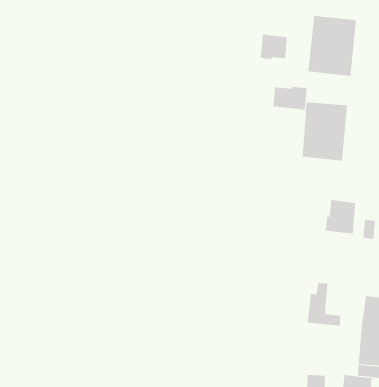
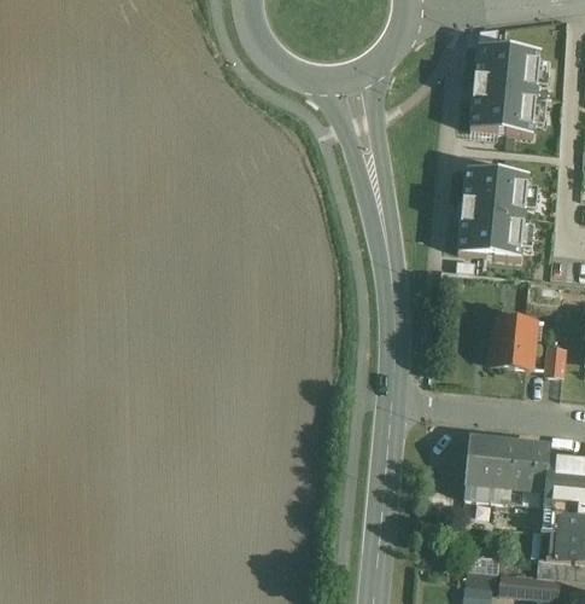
building: [260,33,288,60] -> none
building: [273,86,307,111] -> none
building: none -> [492,439,551,505]

